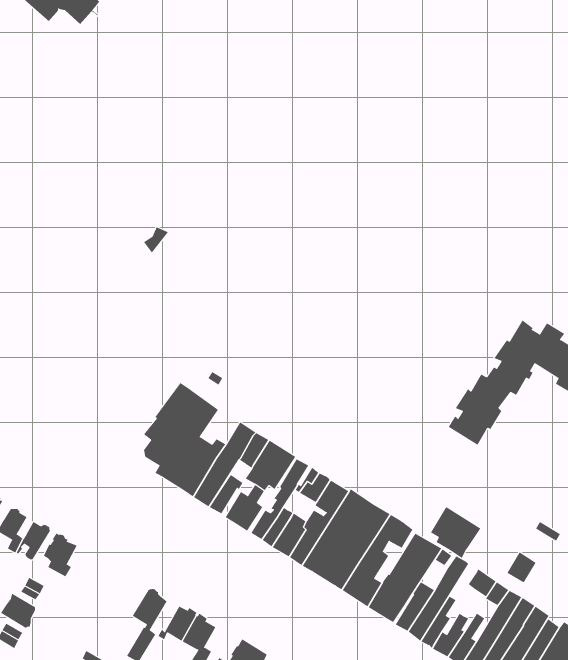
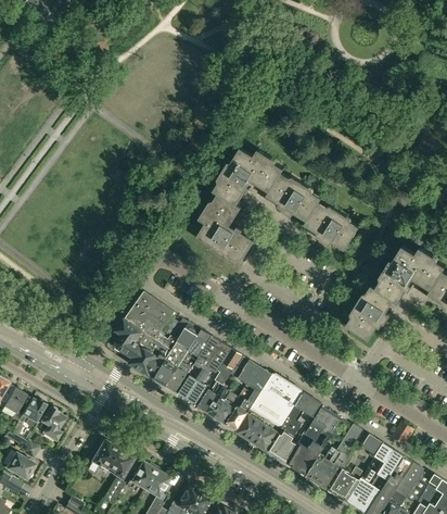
building: none -> [197,149,359,265]
building: [430,506,481,559] -> none
building: none -> [88,440,118,474]

